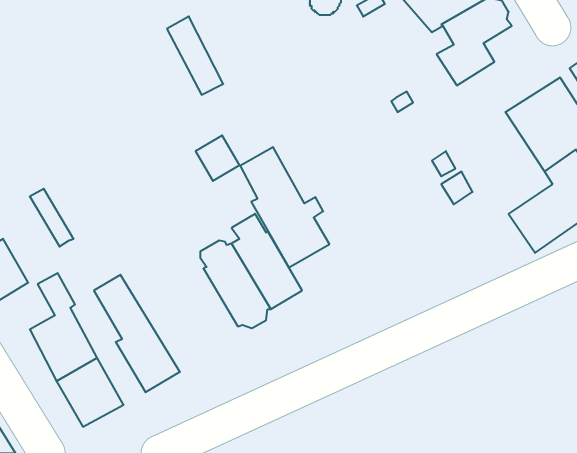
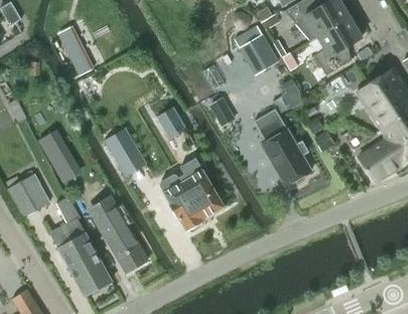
building: [167,16,223,95] -> [57,25,94,75]
building: none -> [239,34,277,74]
building: [240,147,329,268] -> [254,109,311,186]
building: none -> [105,129,147,177]

